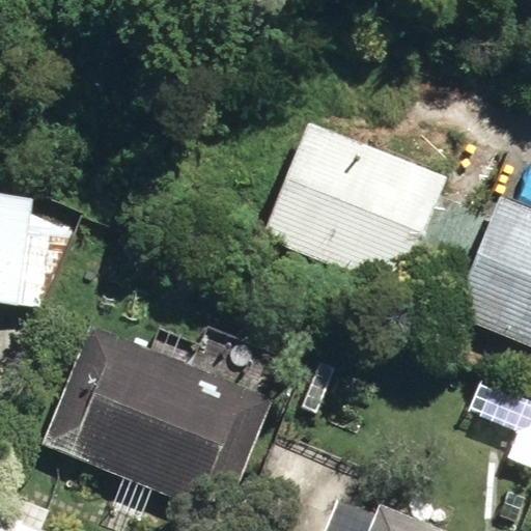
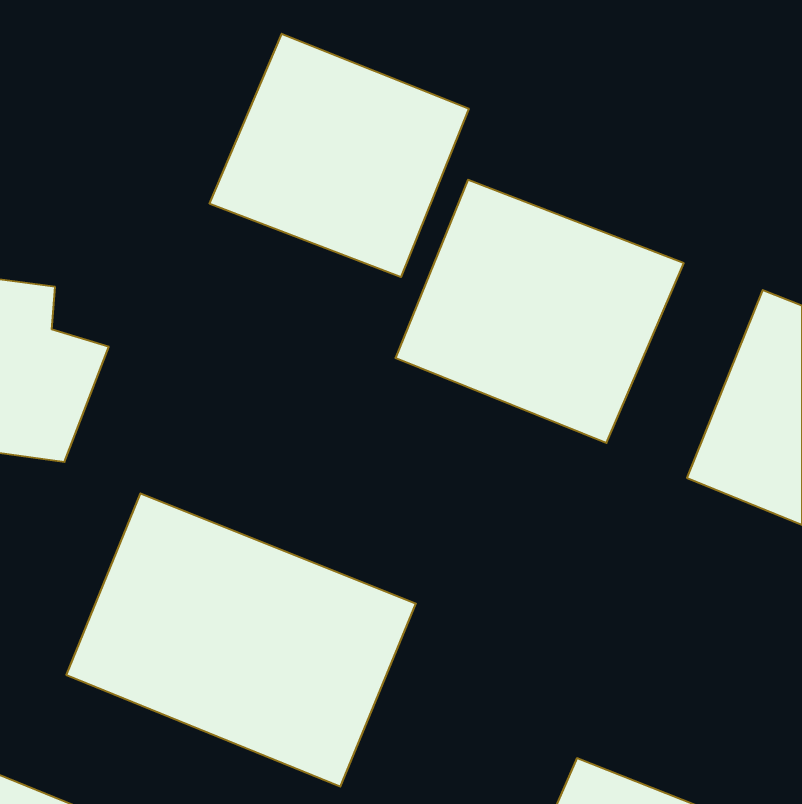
building: none -> [210,34,469,277]

